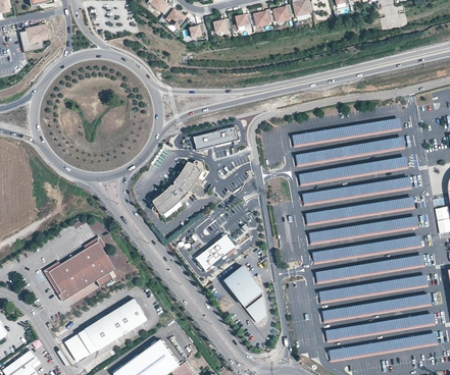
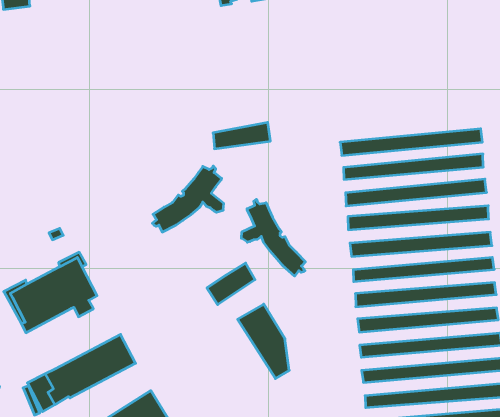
building: none -> [241,199,305,276]

